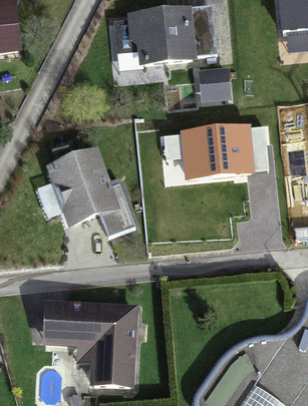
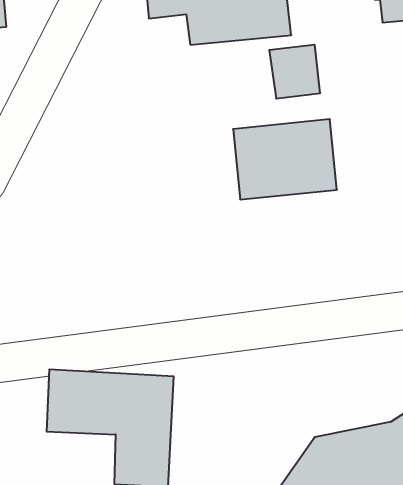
building: [47,145,138,244] -> none

